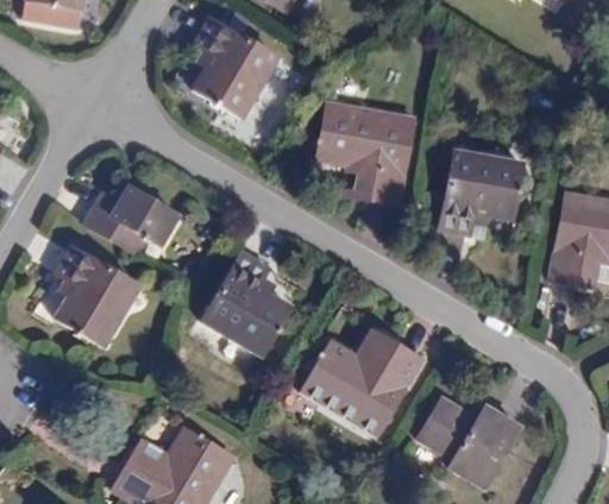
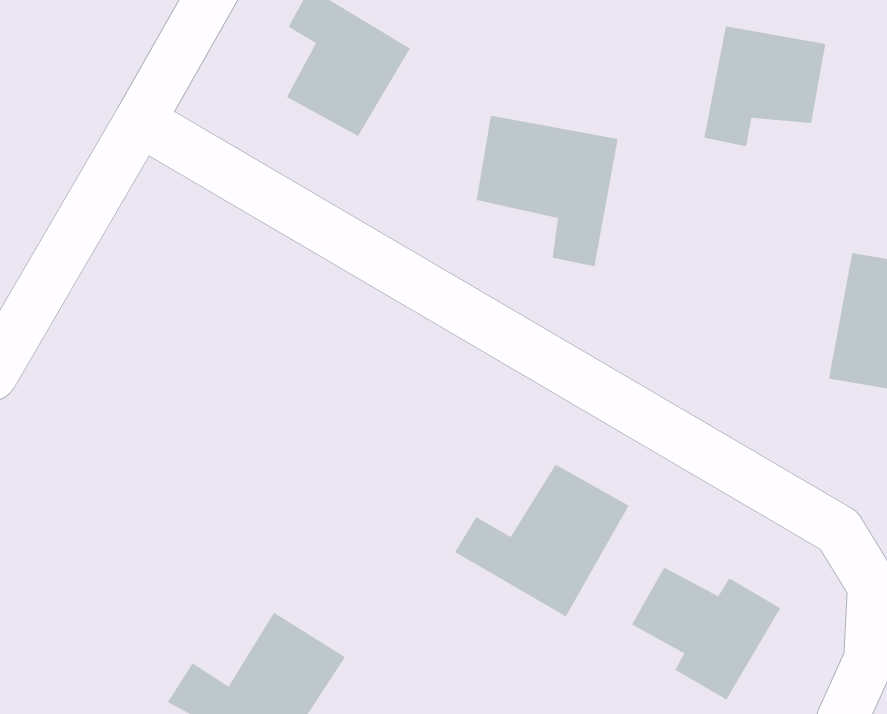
building: [441,151,522,231] -> [703,26,826,147]
building: [87,185,178,252] -> none
building: [57,248,137,345] -> none
building: [203,256,290,353] -> none

